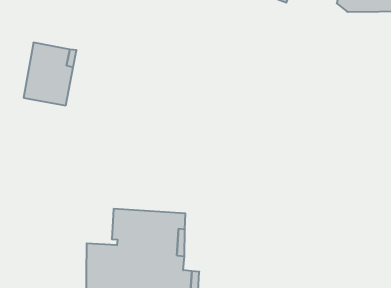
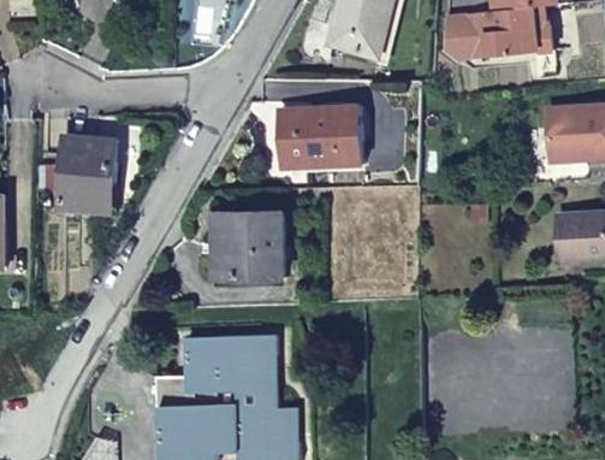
building: none -> [278,106,361,166]
building: none -> [210,212,284,277]

